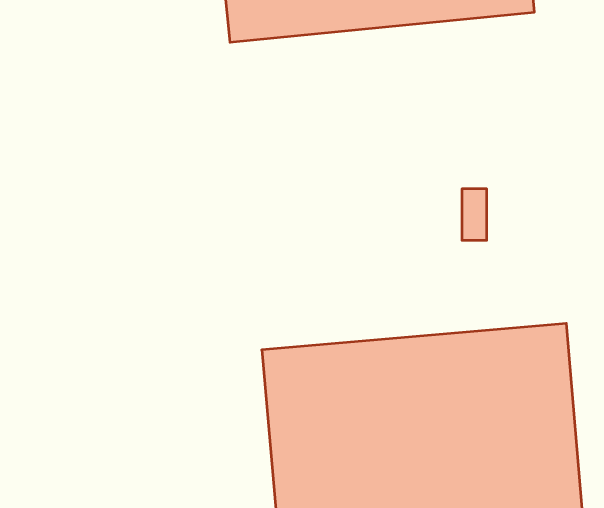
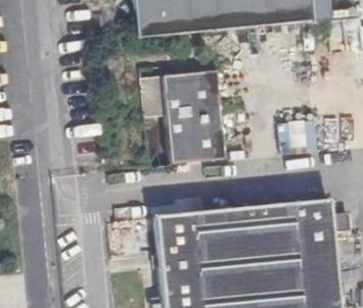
building: none -> [141,67,228,160]

